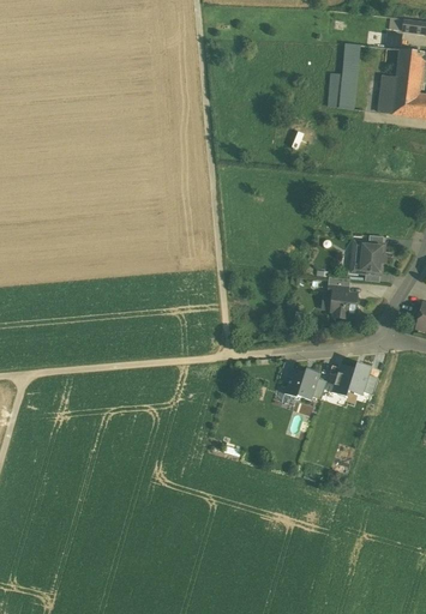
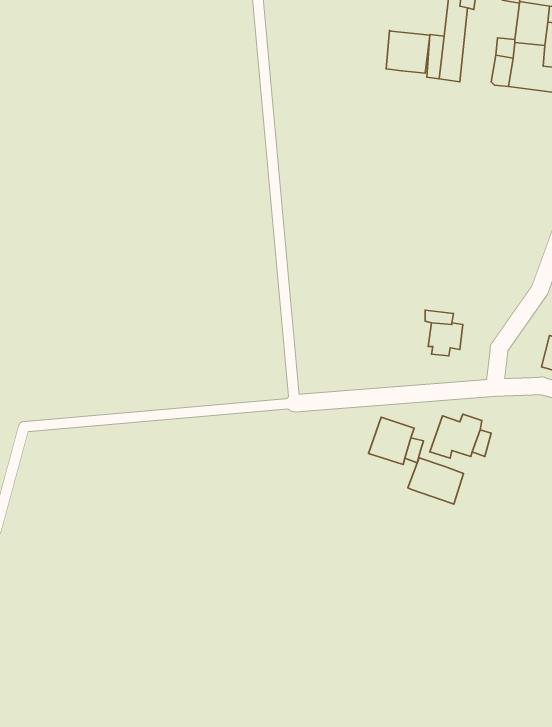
building: none -> [386,31,430,73]
building: [350,241,385,273] -> none
building: none -> [408,458,463,504]

